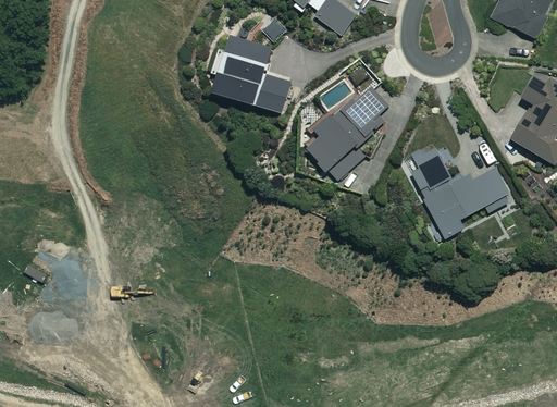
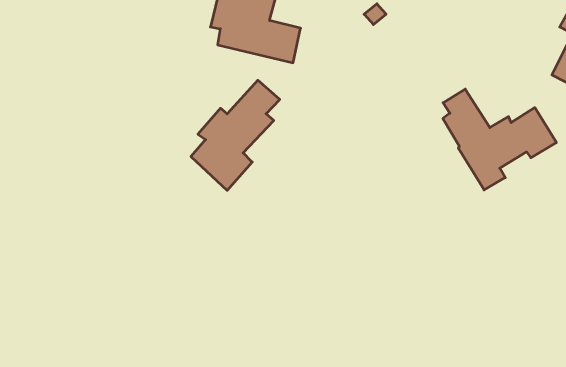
building: [308,84,391,181] -> [191,80,280,190]

